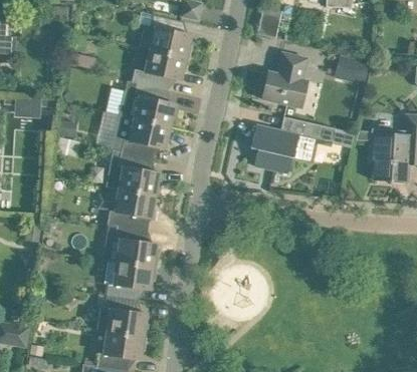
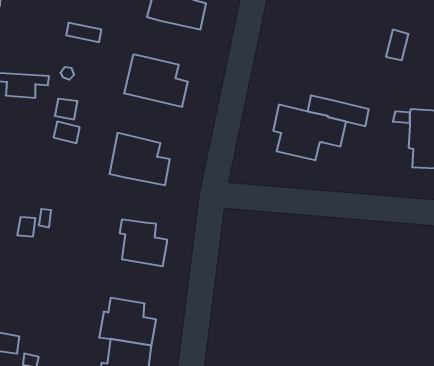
building: [132,50,186,89] -> none
building: [262,52,307,107] -> none
building: [111,114,170,158] -> none
building: [107,189,155,229] -> none
building: [105,260,153,300] -> none

